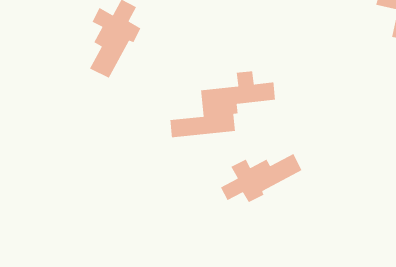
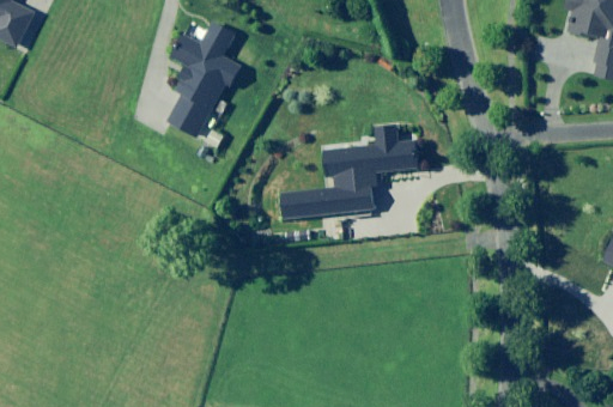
building: [220,153,303,203] -> none

